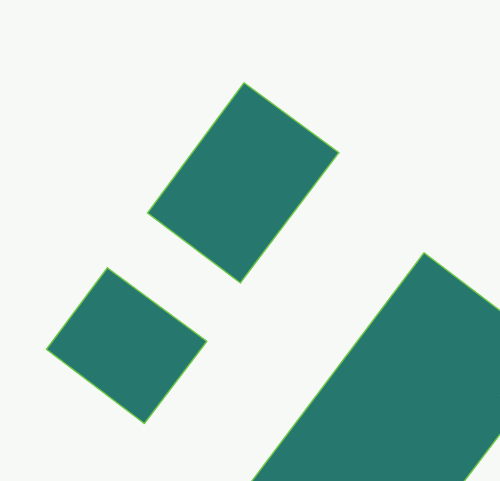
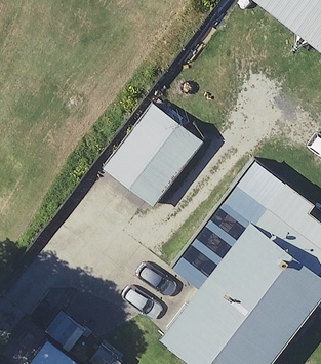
building: [46,268,207,424] -> none

